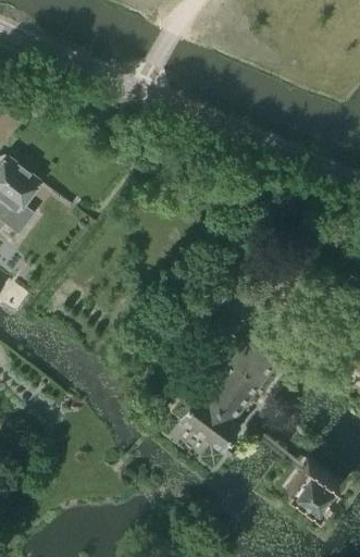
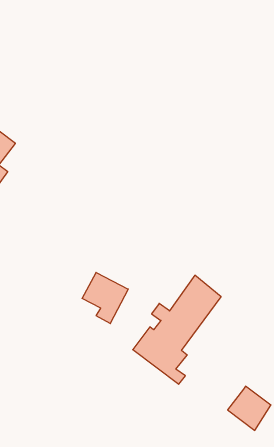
building: none -> [82,272,128,324]

